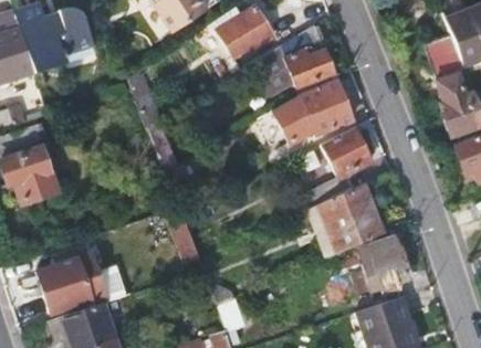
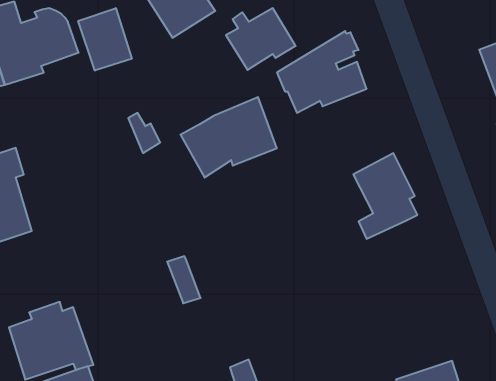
building: none -> [78,8,132,71]
building: [272,80,352,146] -> [180,97,277,178]
building: [316,182,384,253] -> none
building: [353,239,409,294] -> none

